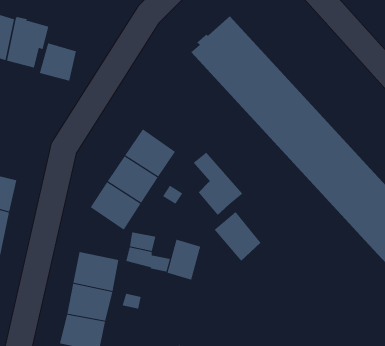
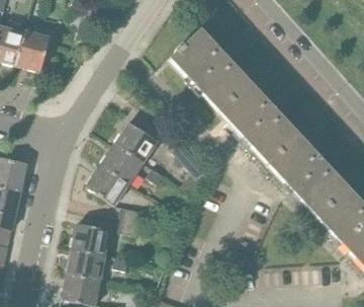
building: [39,42,77,81] -> none
building: [214,211,261,261] -> none
building: [167,239,201,280] -> none

